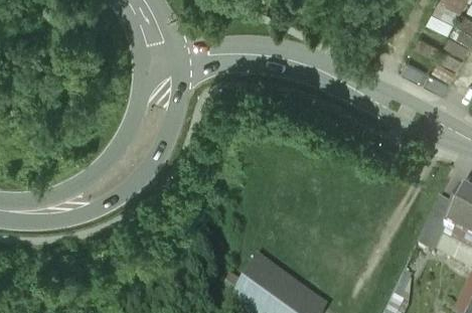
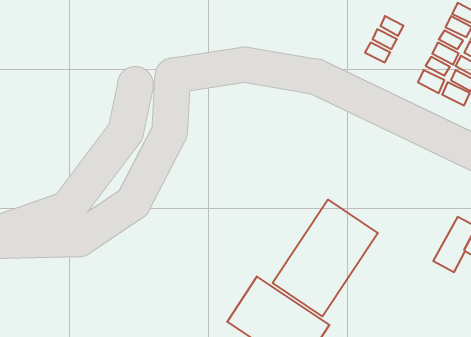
building: none -> [273,200,378,316]

